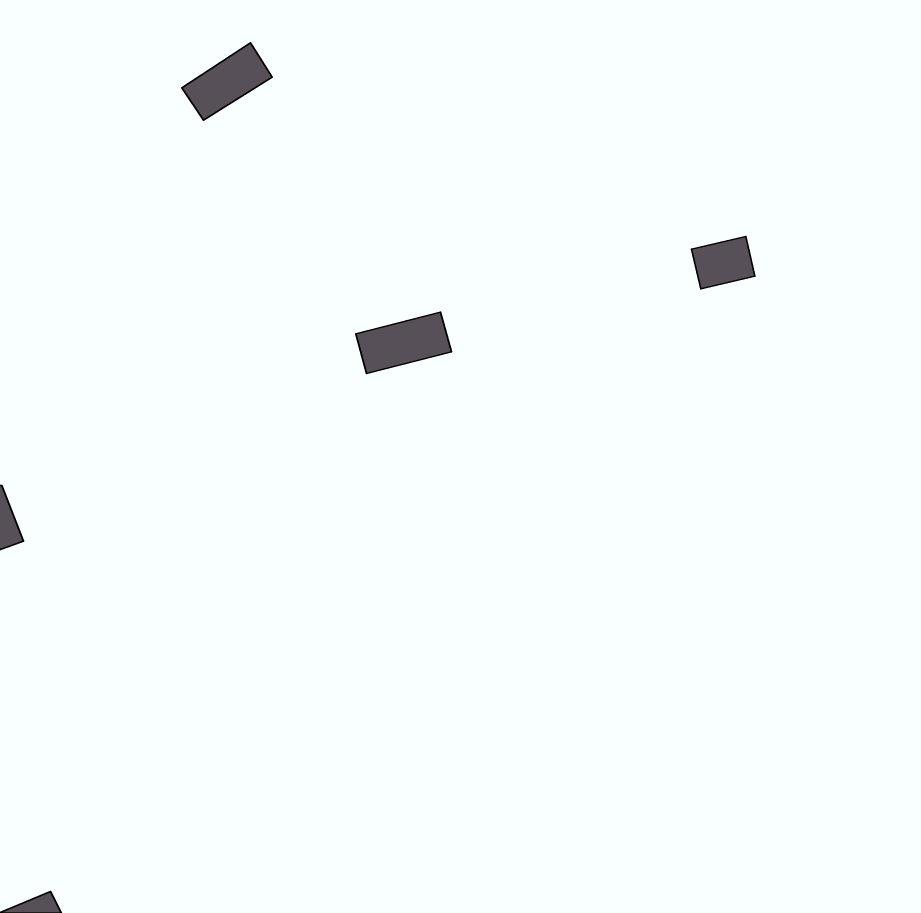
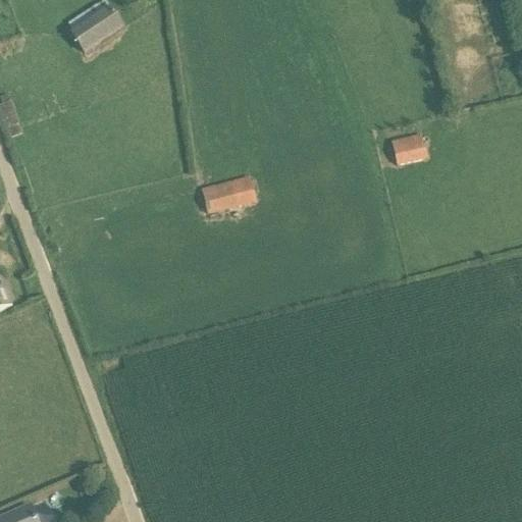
building: [182,43,272,120] -> [70,6,121,50]

